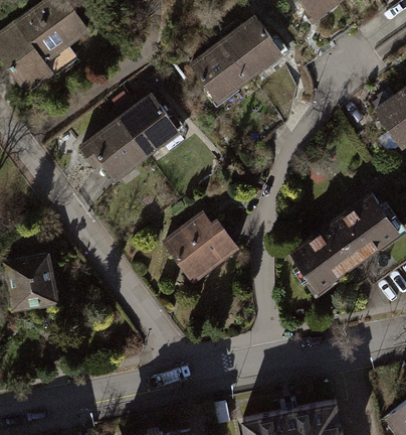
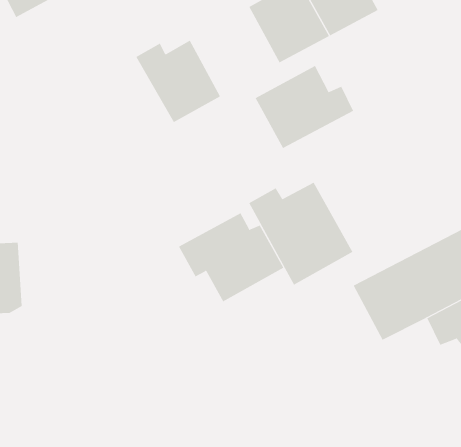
building: none -> [255,65,354,149]
building: [85,111,147,178] -> none
building: none -> [249,182,353,285]

